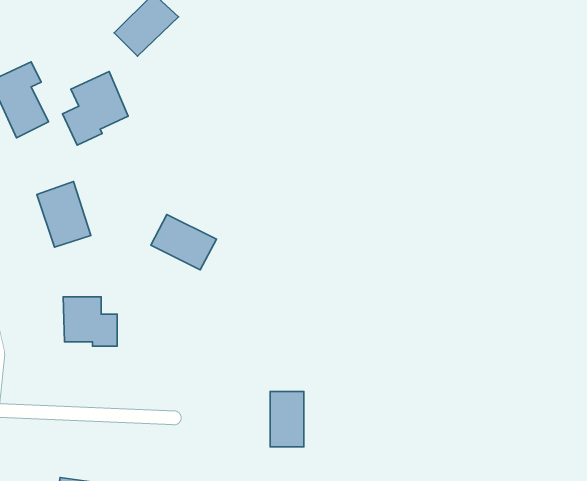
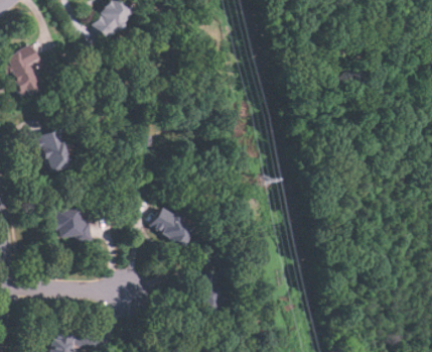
building: [63,72,128,145] -> none
building: [151,214,216,270] -> [151,207,196,245]

